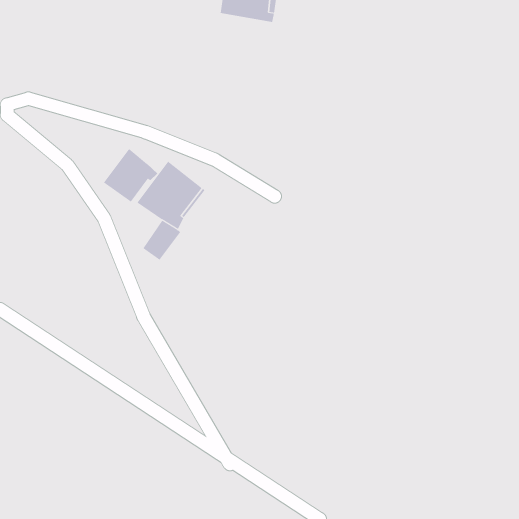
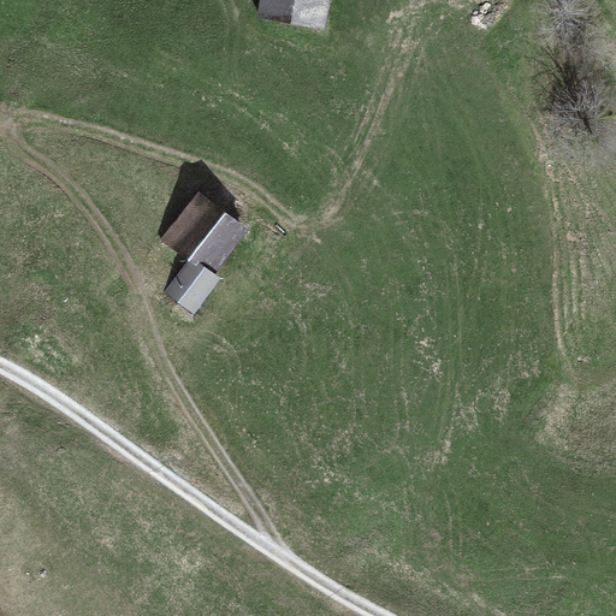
building: [103,148,158,203] -> none

